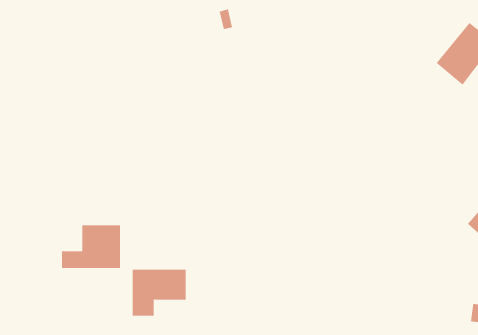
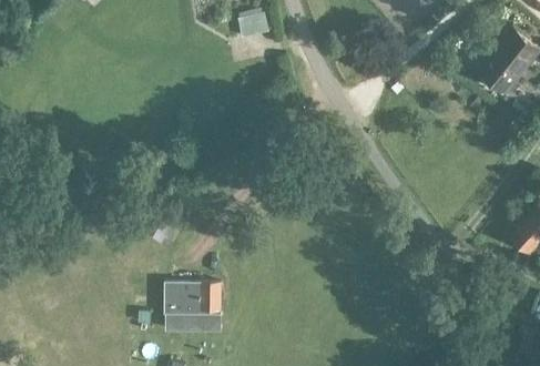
building: [62,225,120,269] -> none

